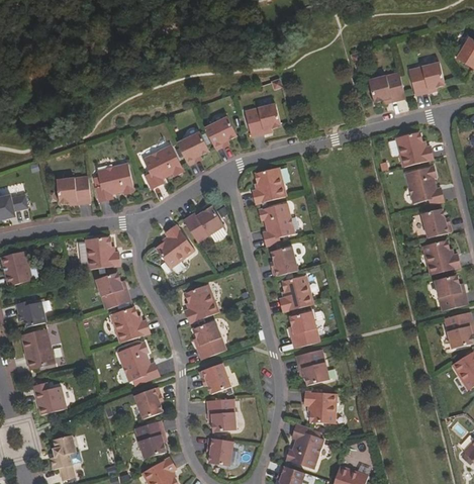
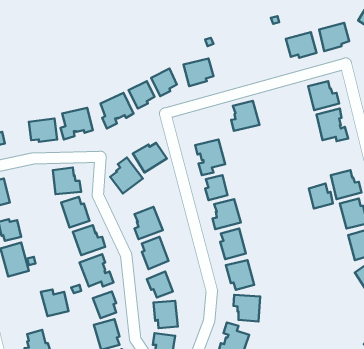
building: [252,167,286,203] -> [231,101,260,131]
building: [421,207,451,237] -> [309,184,333,209]
building: [33,381,67,413] -> [41,289,68,316]

